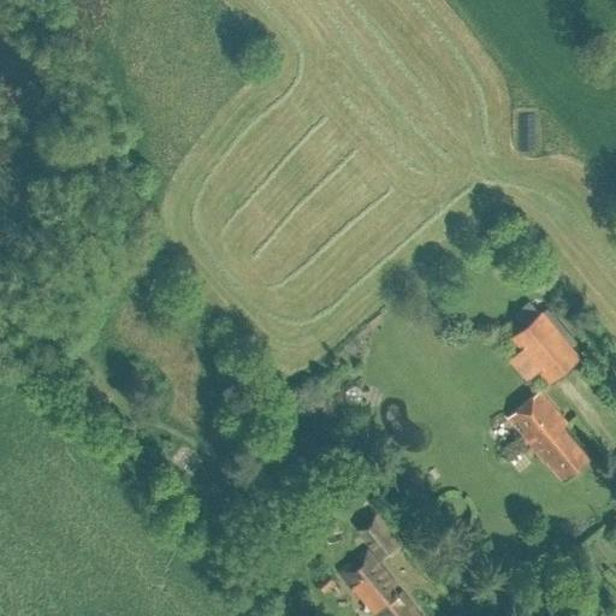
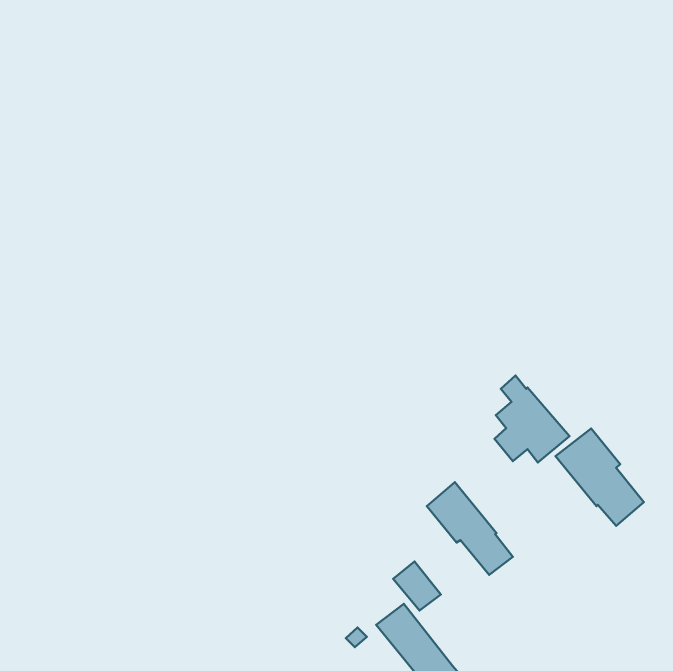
building: [510,303,579,383] -> [494,375,570,463]
building: none -> [427,482,513,575]

